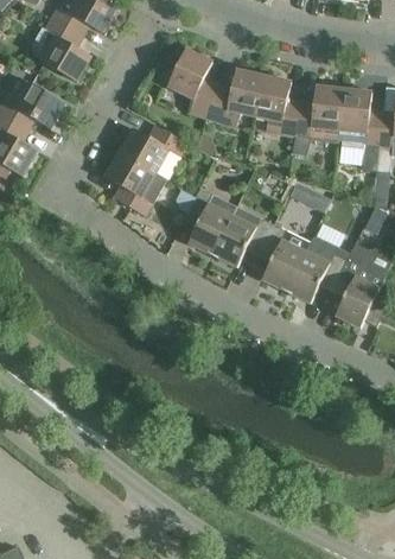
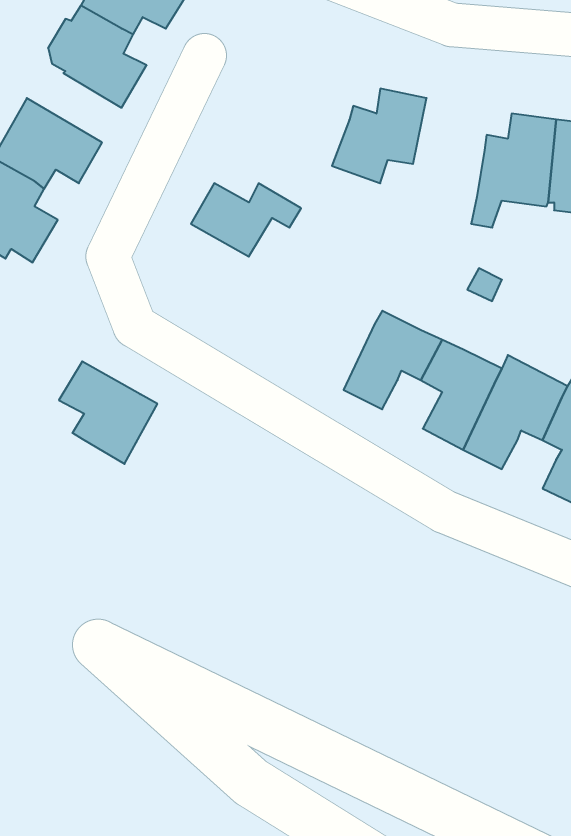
building: [165,47,219,116] -> none
building: [256,75,301,135] -> none
building: [106,152,166,215] -> [59,361,157,464]
building: [187,186,237,254] -> none

